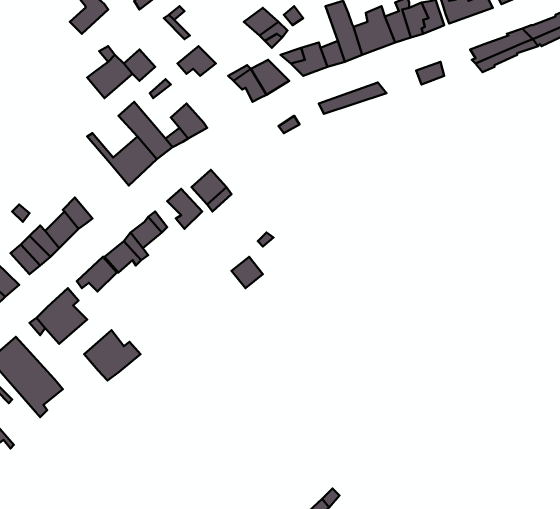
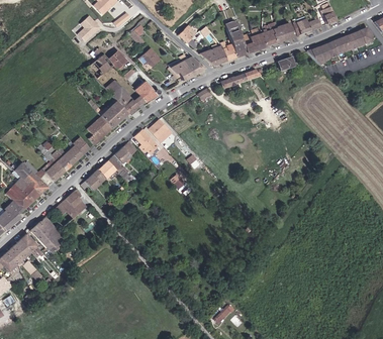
building: none -> [86,116,111,144]
building: [84,330,140,381] -> none

